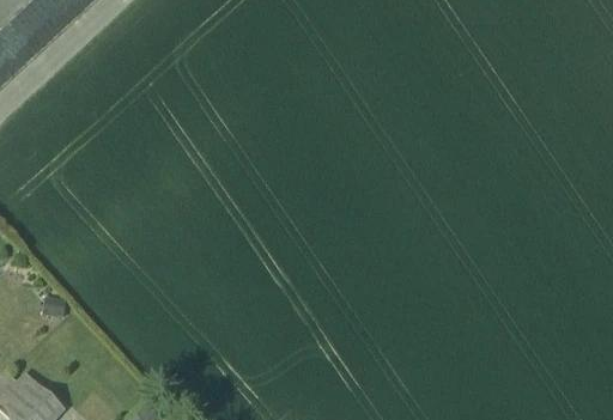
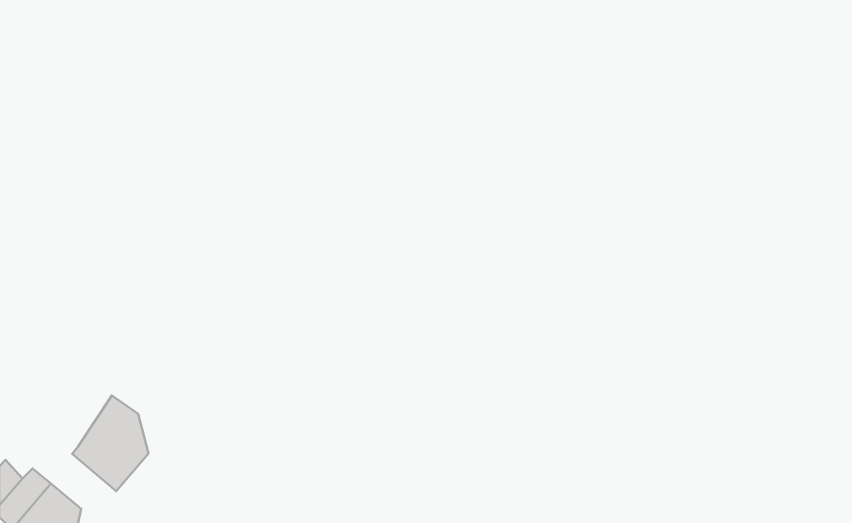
building: none -> [72,396,149,491]

